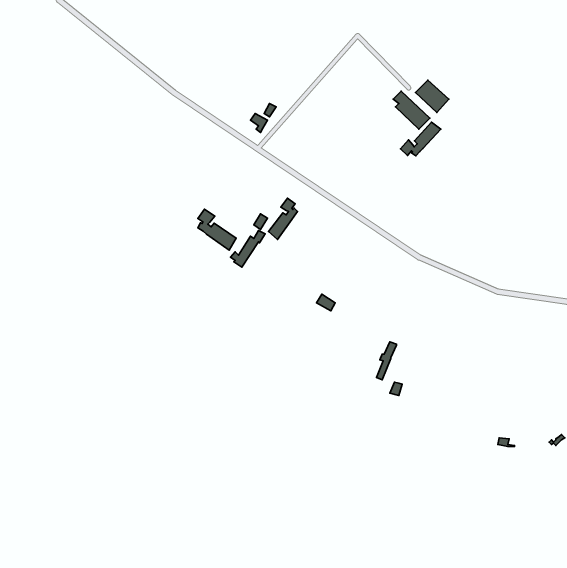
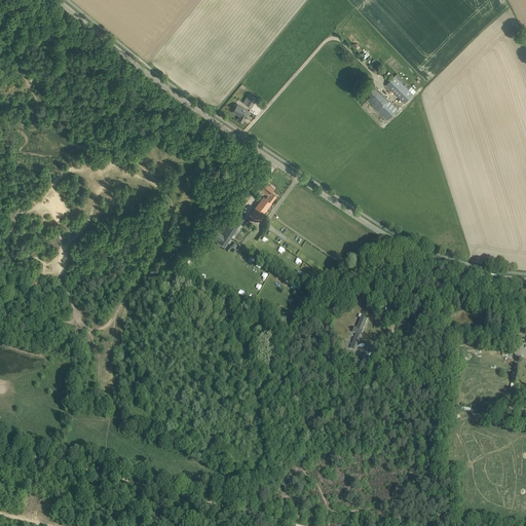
building: [400,122,441,156] -> none
building: [198,209,236,250] -> none

